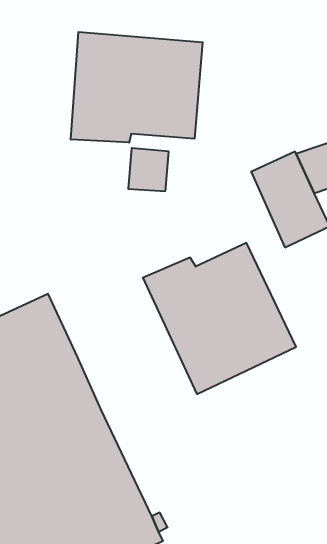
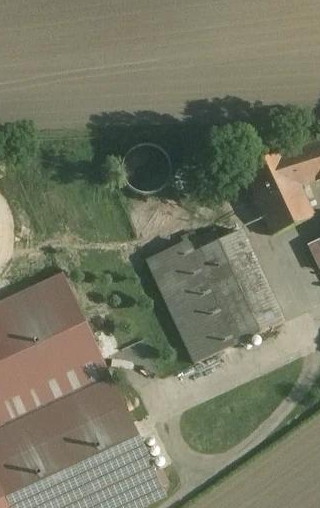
building: [71,32,203,143] -> none

